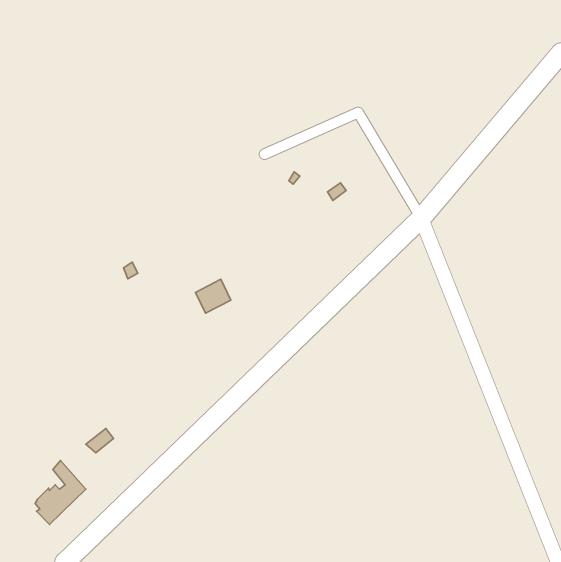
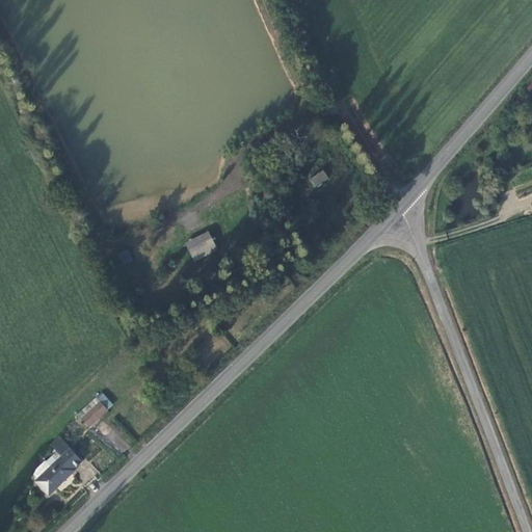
building: [196,279,231,313] -> [184,229,217,261]

